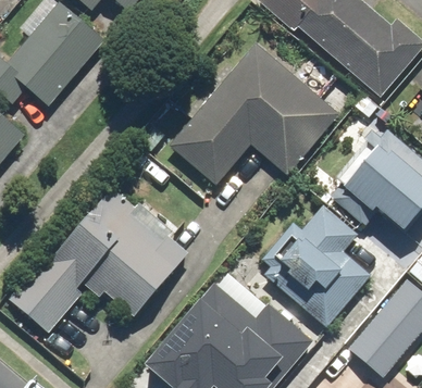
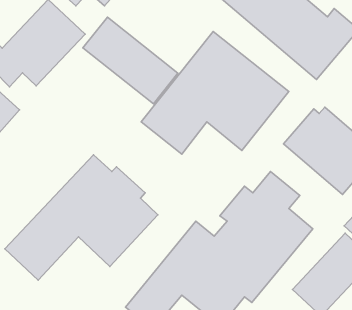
building: none -> [83,17,178,104]

